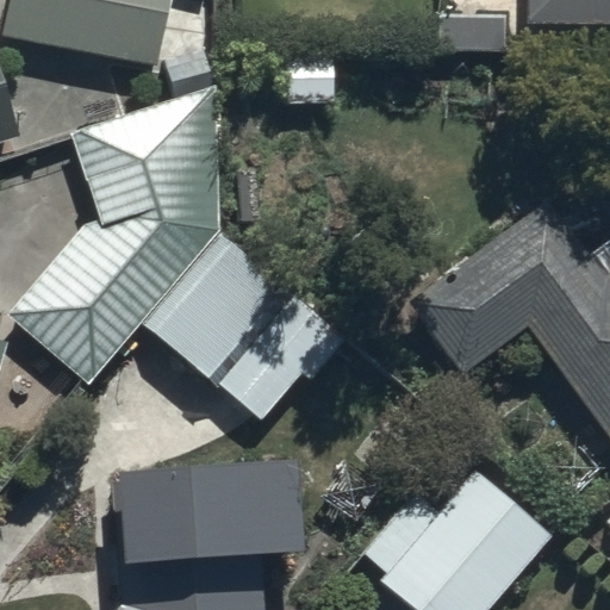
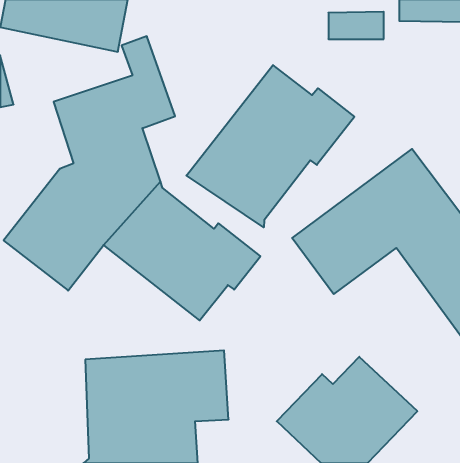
building: none -> [186,65,354,227]

